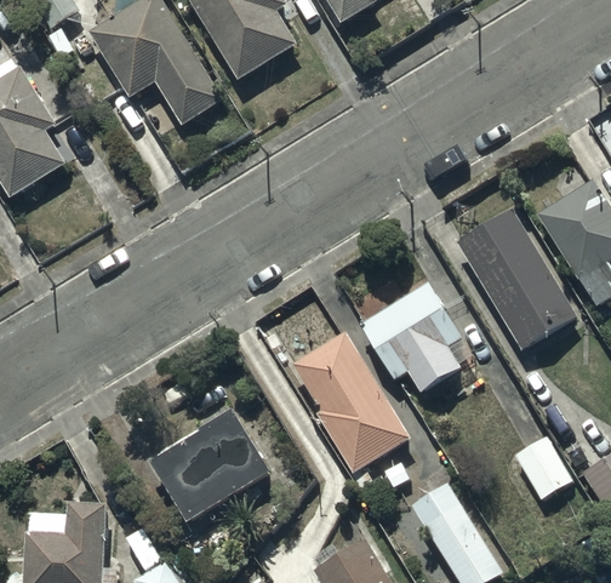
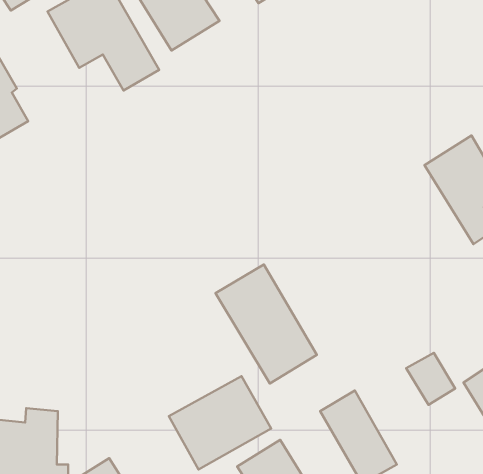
building: [456,210,577,350] -> none
building: [359,284,463,391] -> none
building: [148,412,269,522] -> [169,376,271,469]

